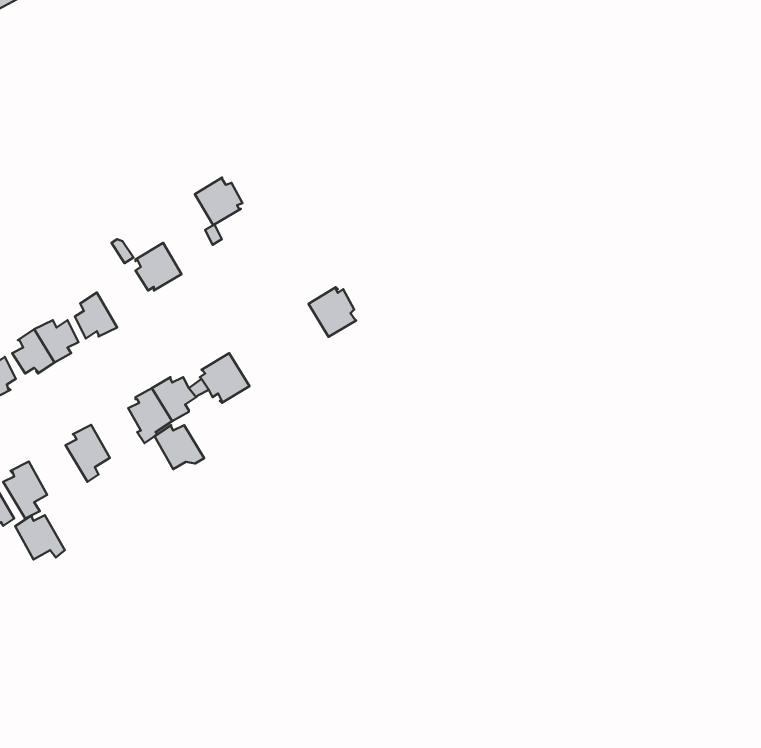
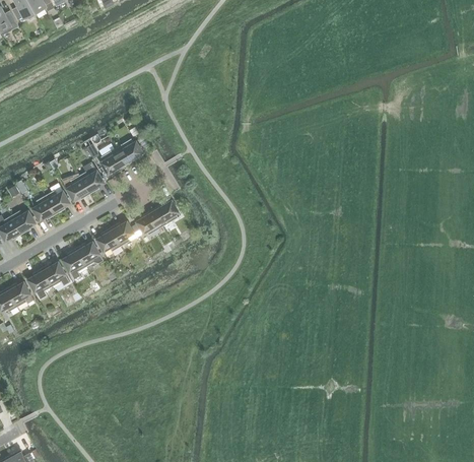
building: [195,177,243,225] -> [115,139,141,166]
building: none -> [78,162,103,195]
building: [308,287,356,337] -> [151,200,178,227]
building: [155,425,204,469] -> [75,243,103,267]
building: [15,515,65,559] -> [41,263,68,287]

